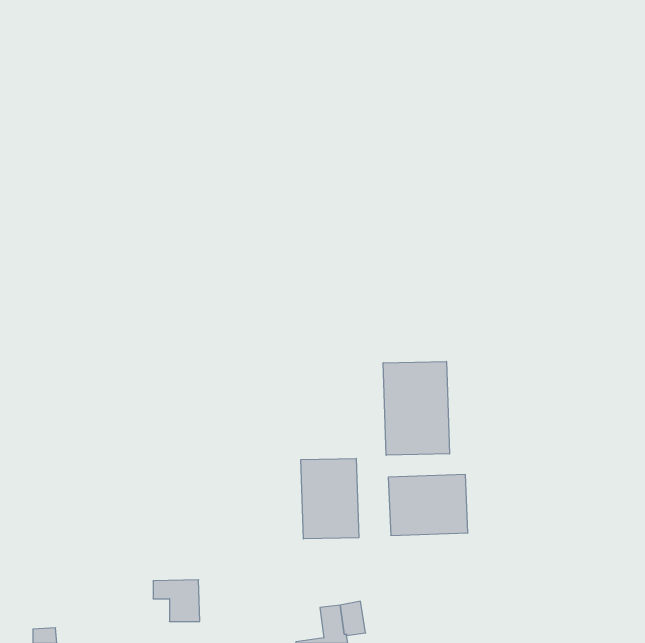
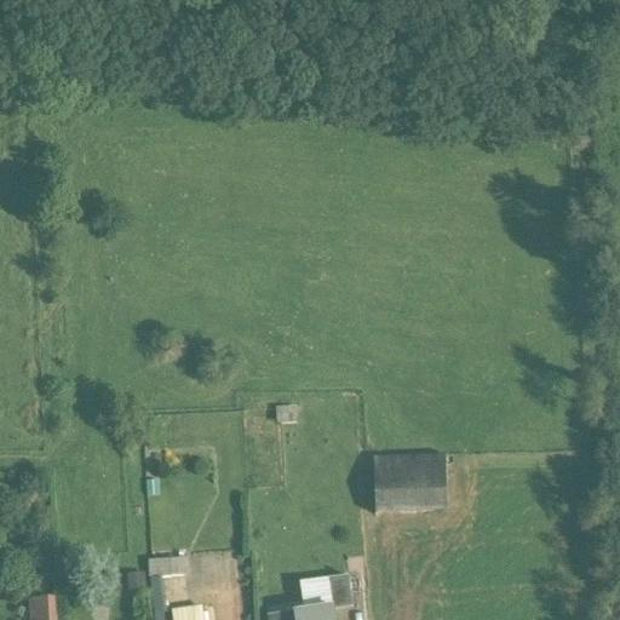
building: [383,361,449,455] -> none
building: [301,458,359,539] -> none

